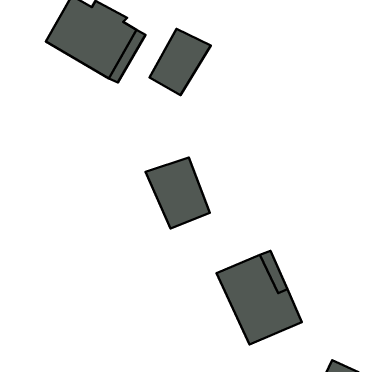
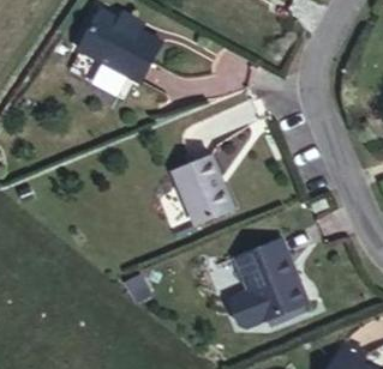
building: [150,29,211,95] -> none

